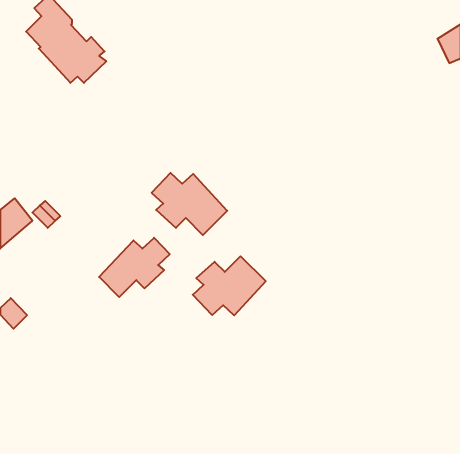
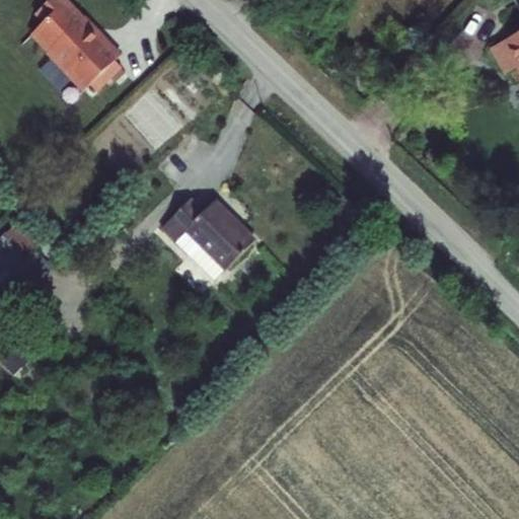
building: [99,238,170,297] -> none
building: [193,256,266,315] -> none

